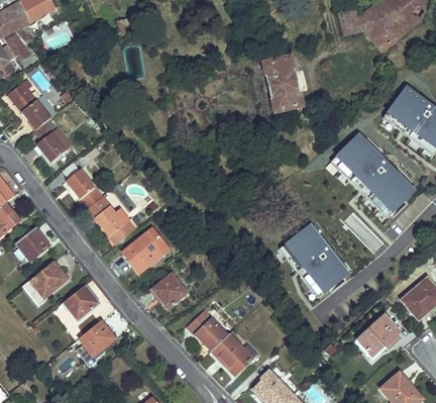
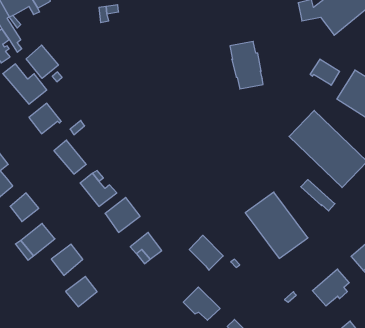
building: none -> [26,45,58,78]
building: none -> [310,59,340,85]
building: [189,311,227,350] -> [189,235,223,270]

